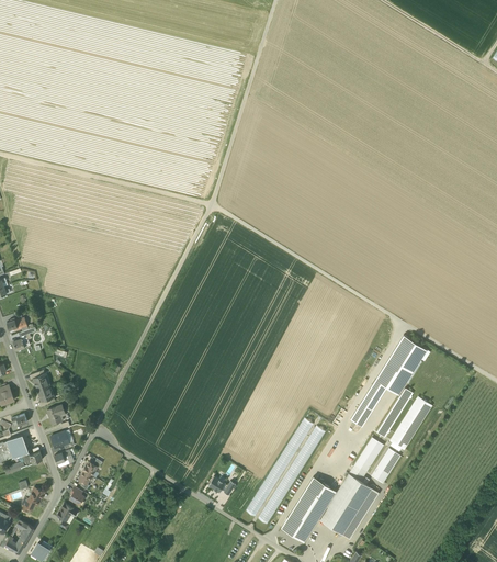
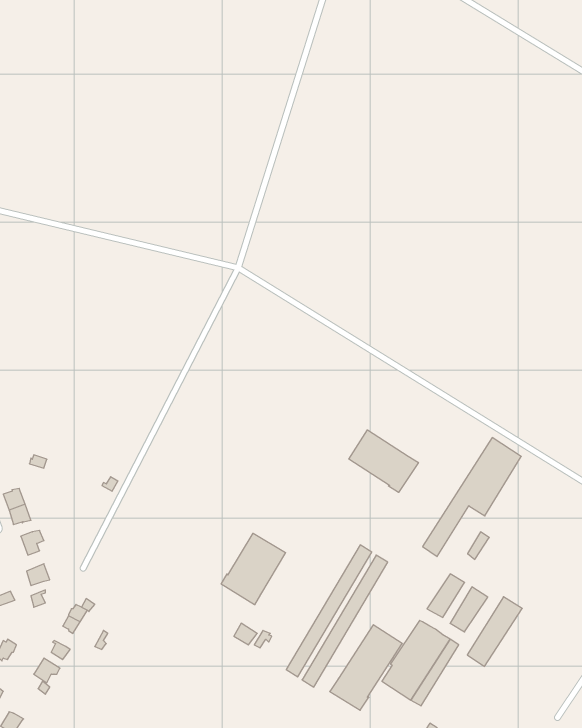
building: none -> [349,430,418,492]
building: [389,397,431,450] -> [467,597,522,666]
building: none -> [221,533,286,605]

